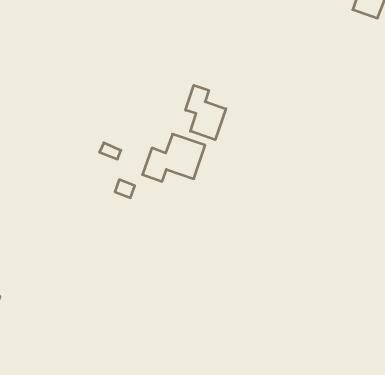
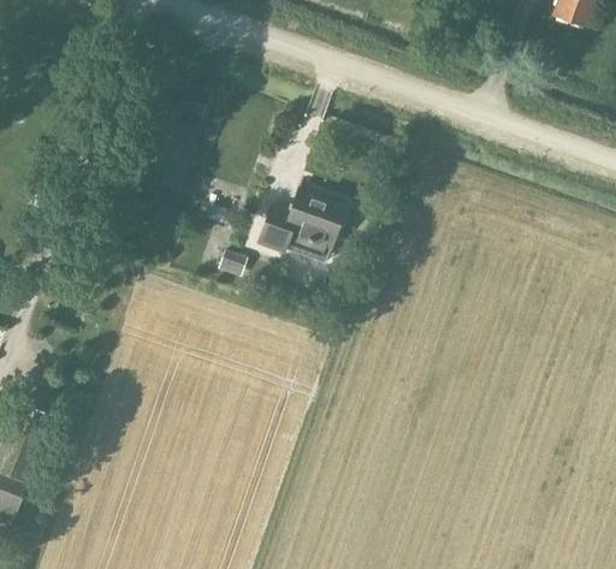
building: [186,85,226,140] -> none

